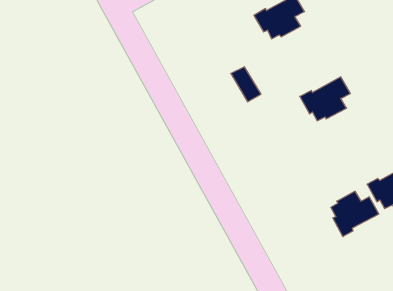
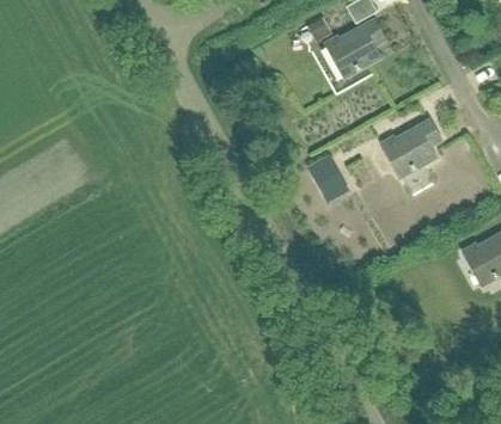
building: [231,67,261,102] -> [316,155,353,198]
building: [331,191,379,237] -> none

